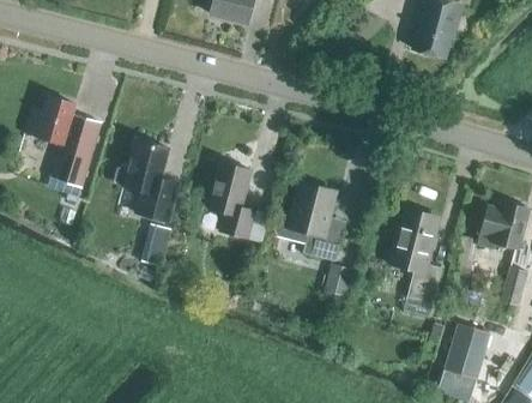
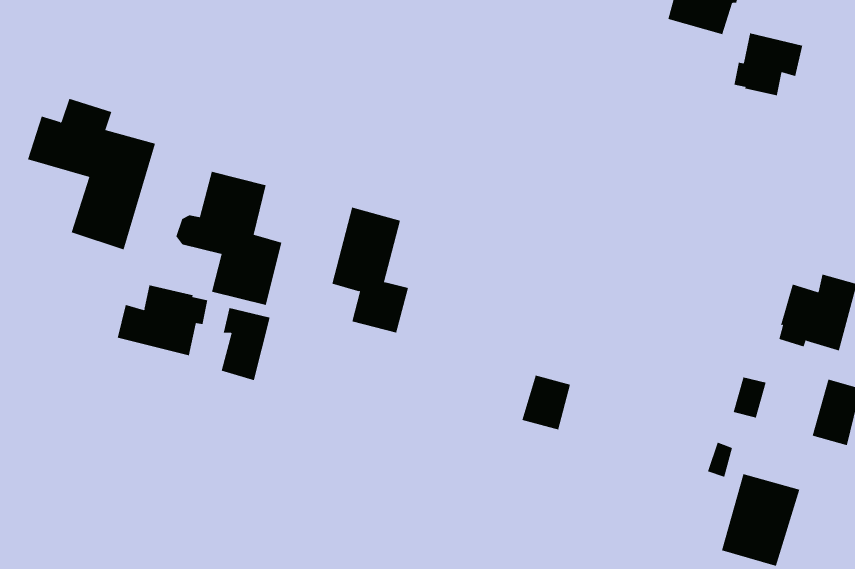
building: none -> [734,33,803,96]
building: [276,181,344,260] -> none
building: none -> [117,285,208,356]
building: [389,209,442,303] -> none

